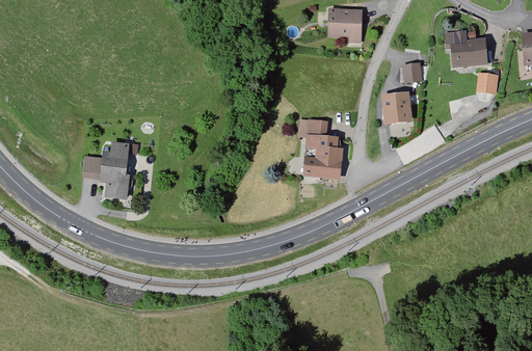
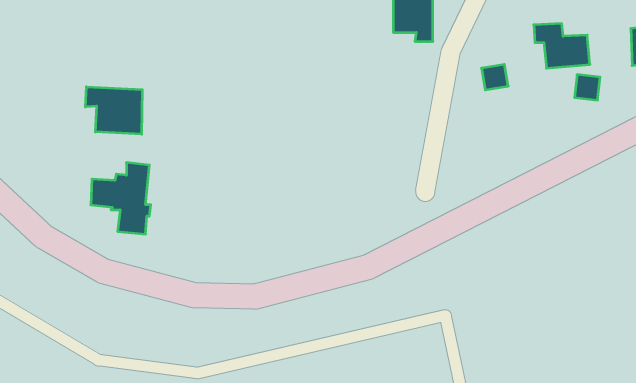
building: none -> [85,87,142,134]
building: [381,91,413,136] -> none
building: [297,118,344,180] -> none

